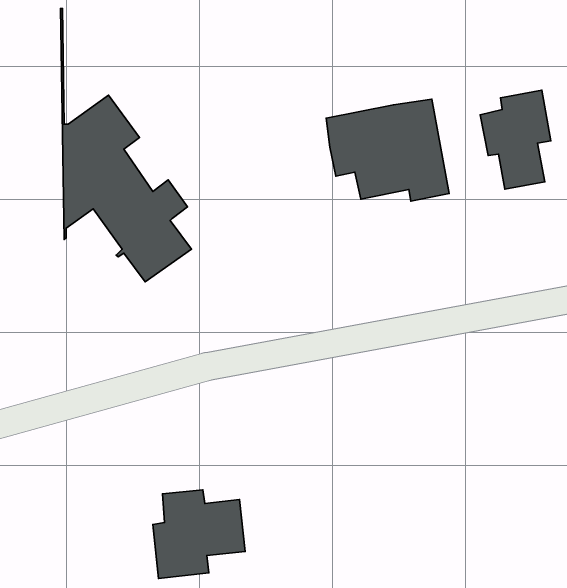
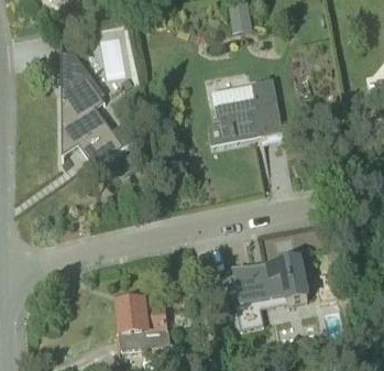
building: [480,90,551,189] -> none
building: none -> [233,257,307,305]

